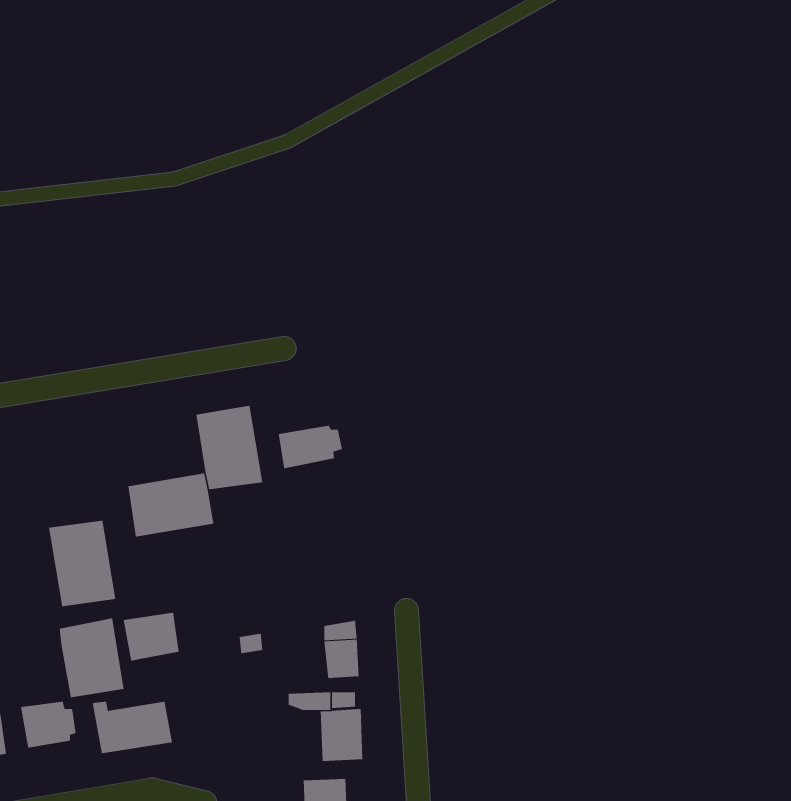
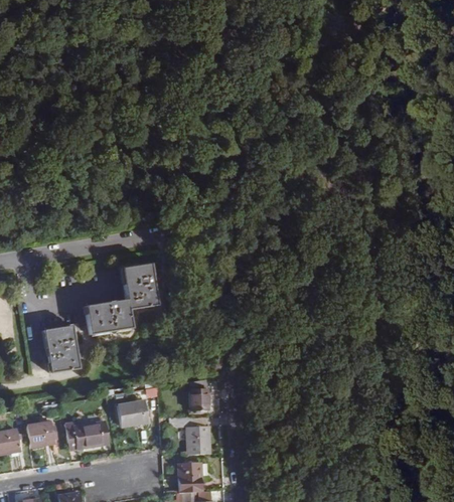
building: [278,425,342,469] -> none
building: [123,612,179,661] -> [118,400,148,427]
building: [59,618,124,698] -> none

